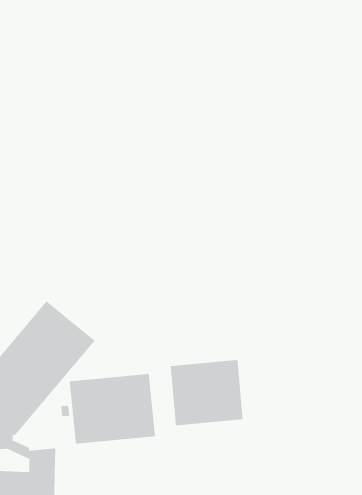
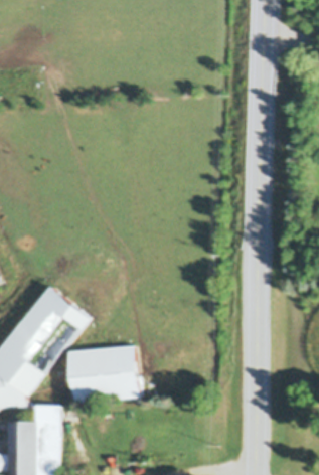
building: [170,359,243,426] -> none

